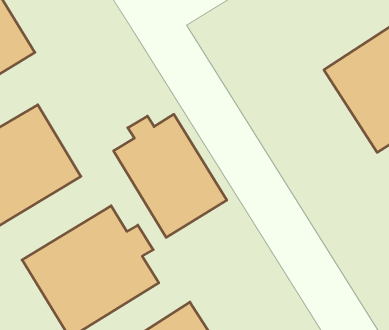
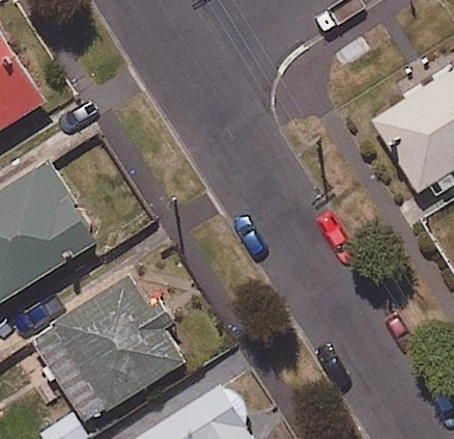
building: [114,114,227,237] -> none

